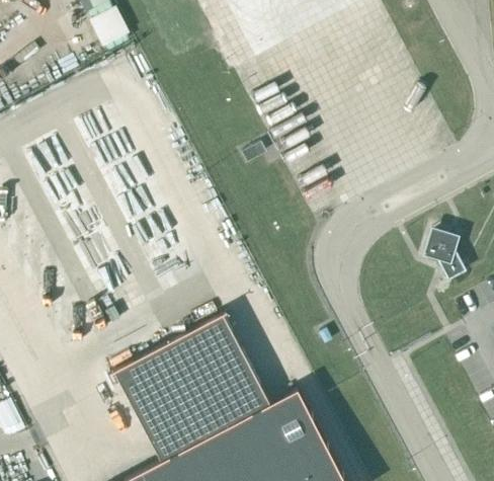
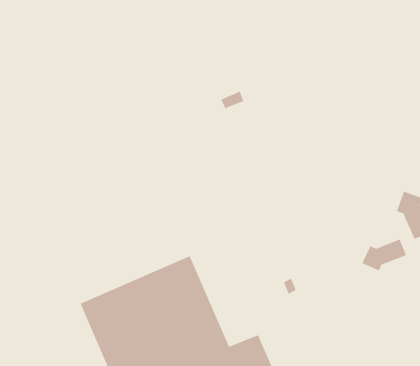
building: none -> [362,239,407,271]

